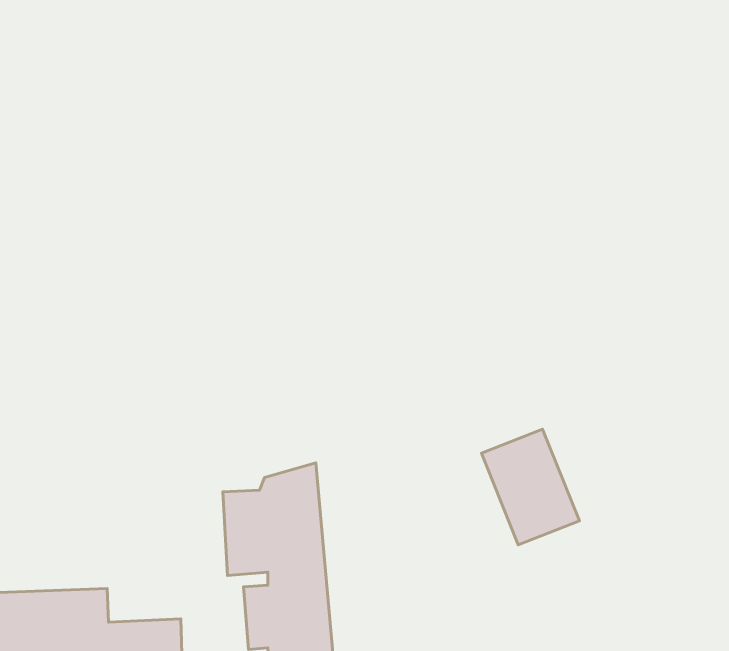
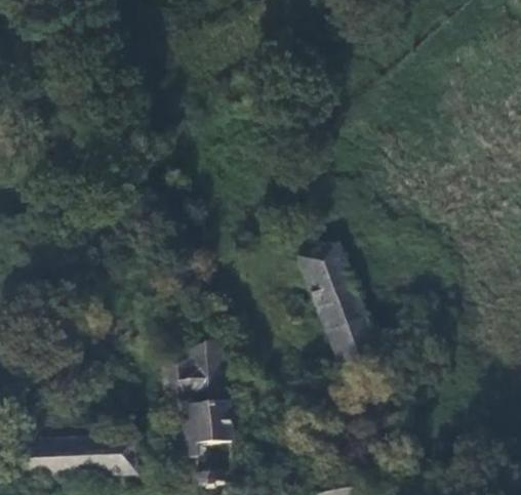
building: none -> [298,243,367,333]

